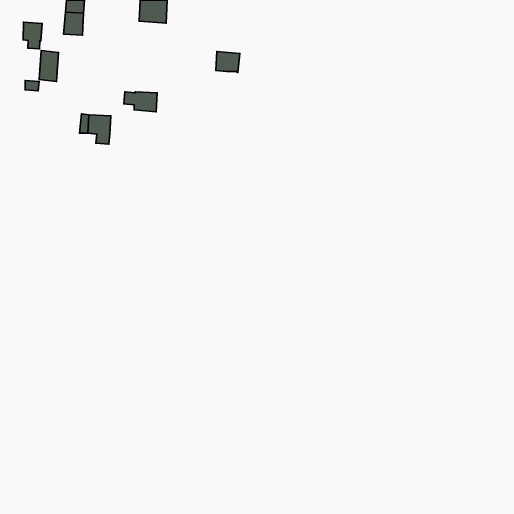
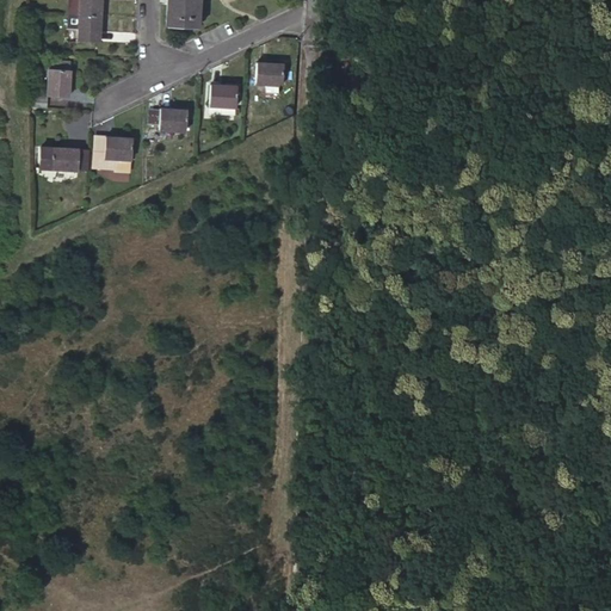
building: [23,22,42,49] -> none
building: none -> [210,84,237,107]
building: none -> [51,147,79,171]

